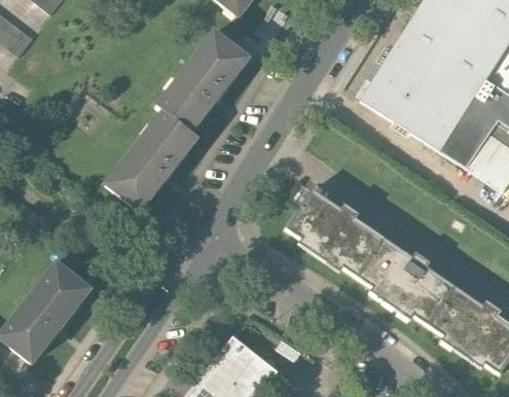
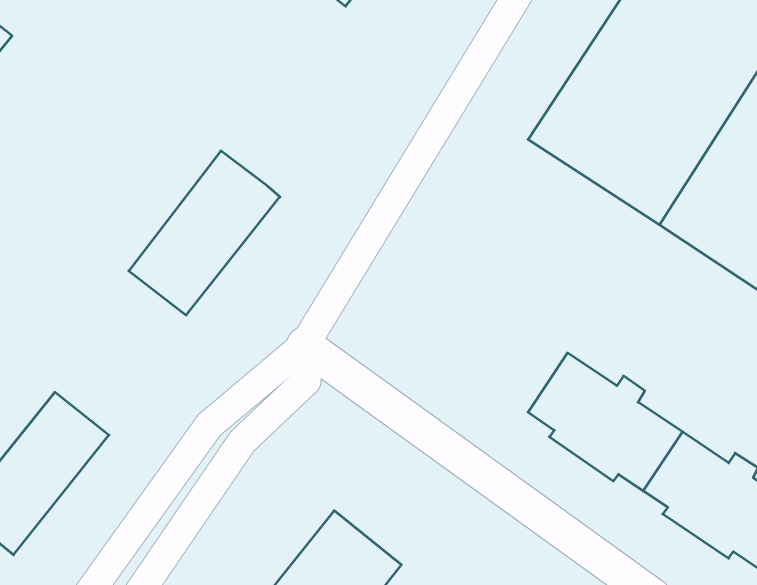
building: [156,30,251,133] -> none
building: [283,187,379,274] -> none

